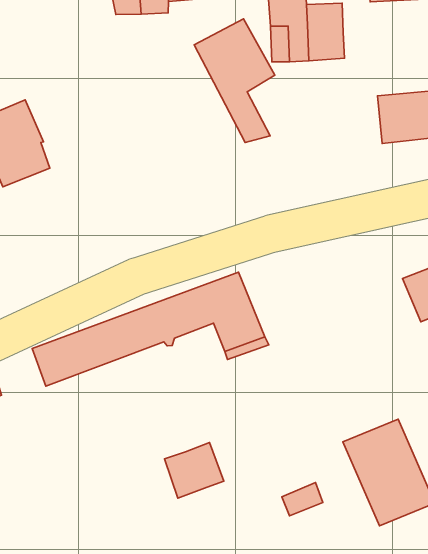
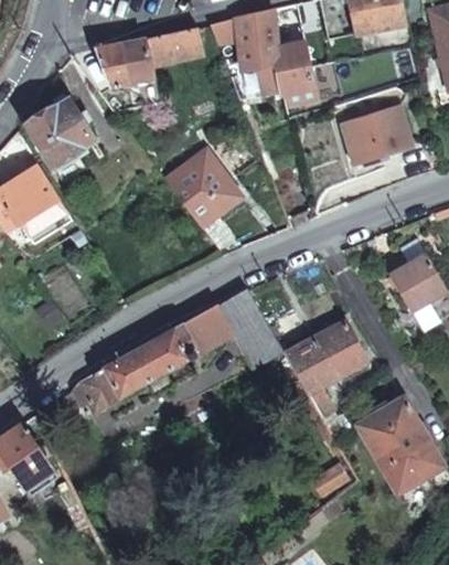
building: [194,19,275,142] -> [164,149,242,256]
building: none -> [26,98,95,168]
building: none -> [284,319,366,413]
building: [164,443,224,498] -> none

